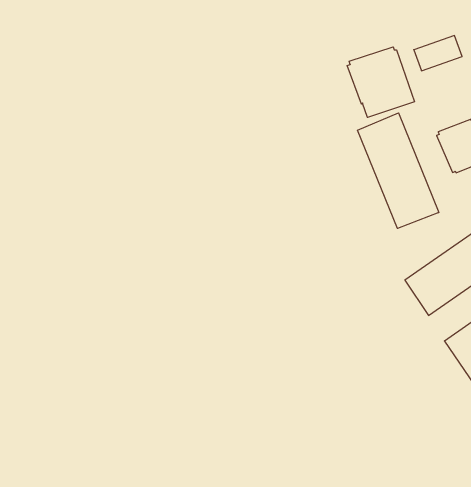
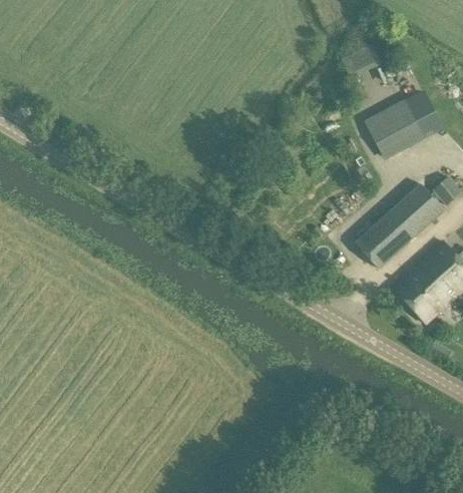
building: [347,47,414,117] -> none
building: [358,113,439,228] -> none

